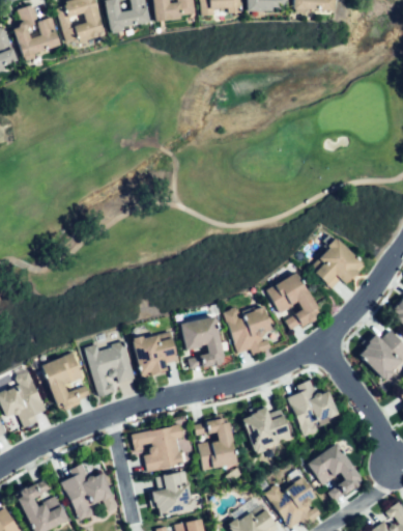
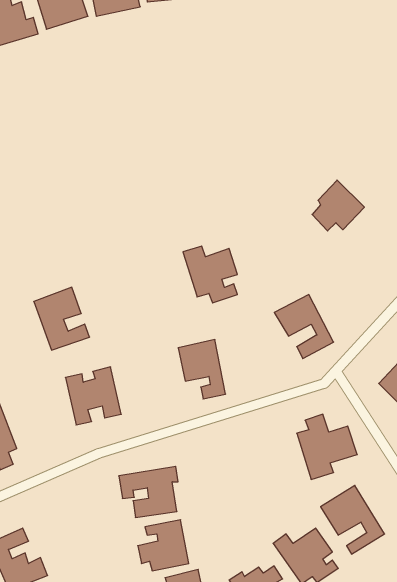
building: [317,242,363,286] -> [312,180,364,231]
building: [225,306,272,356] -> [183,246,237,303]
building: [134,334,177,376] -> none
building: [40,354,89,409] -> [34,287,90,350]
building: [243,407,291,455] -> none
building: [195,419,239,469] -> none
building: [60,465,117,520] -> none

